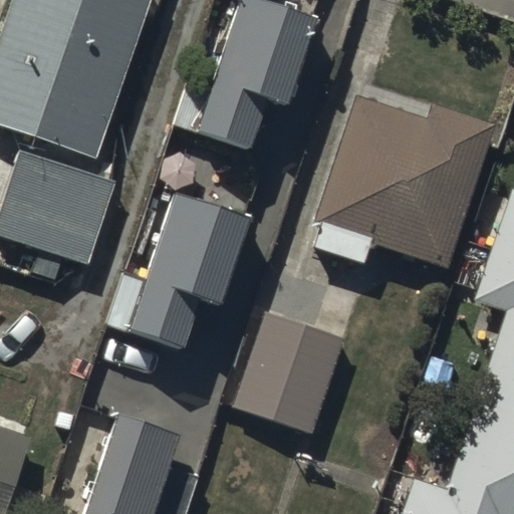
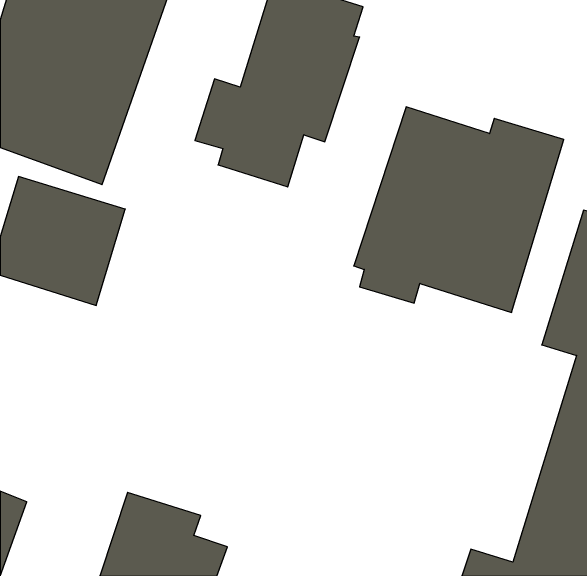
building: [107,200,249,353] -> none
building: [235,307,344,429] -> none

